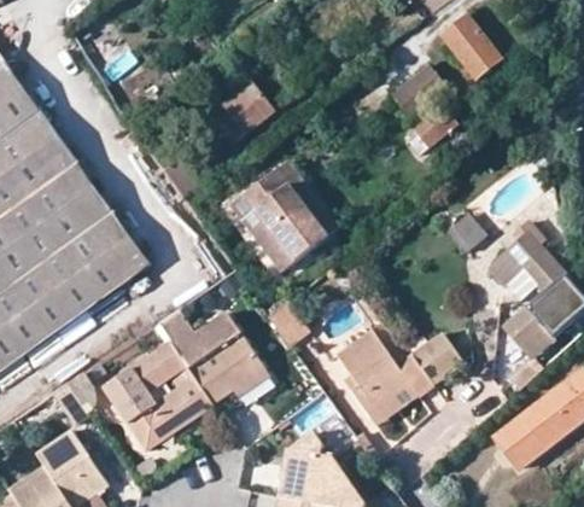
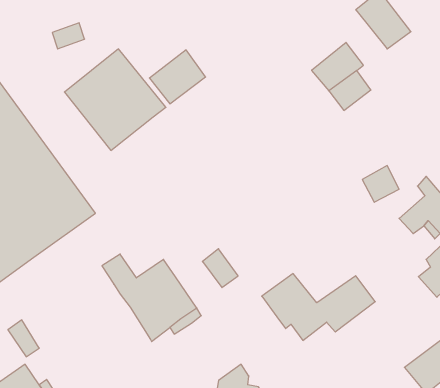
building: [232,159,345,273] -> [64,49,166,150]
building: [103,343,212,450] -> none
building: [345,379,417,427] -> none

